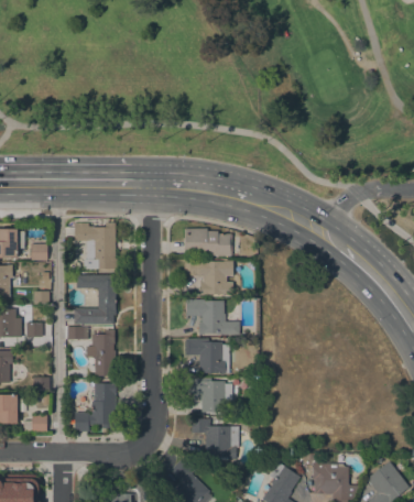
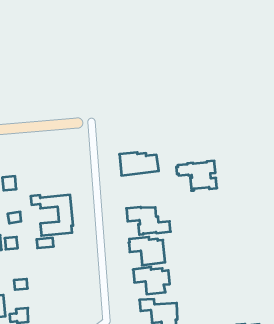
building: [74,222,117,269] -> none
building: [184,261,233,296] -> [176,161,217,191]
building: [88,330,116,376] -> none
building: [75,383,116,432] -> none

